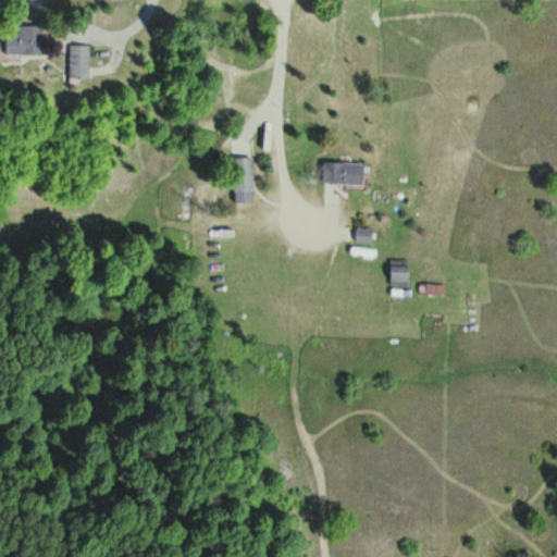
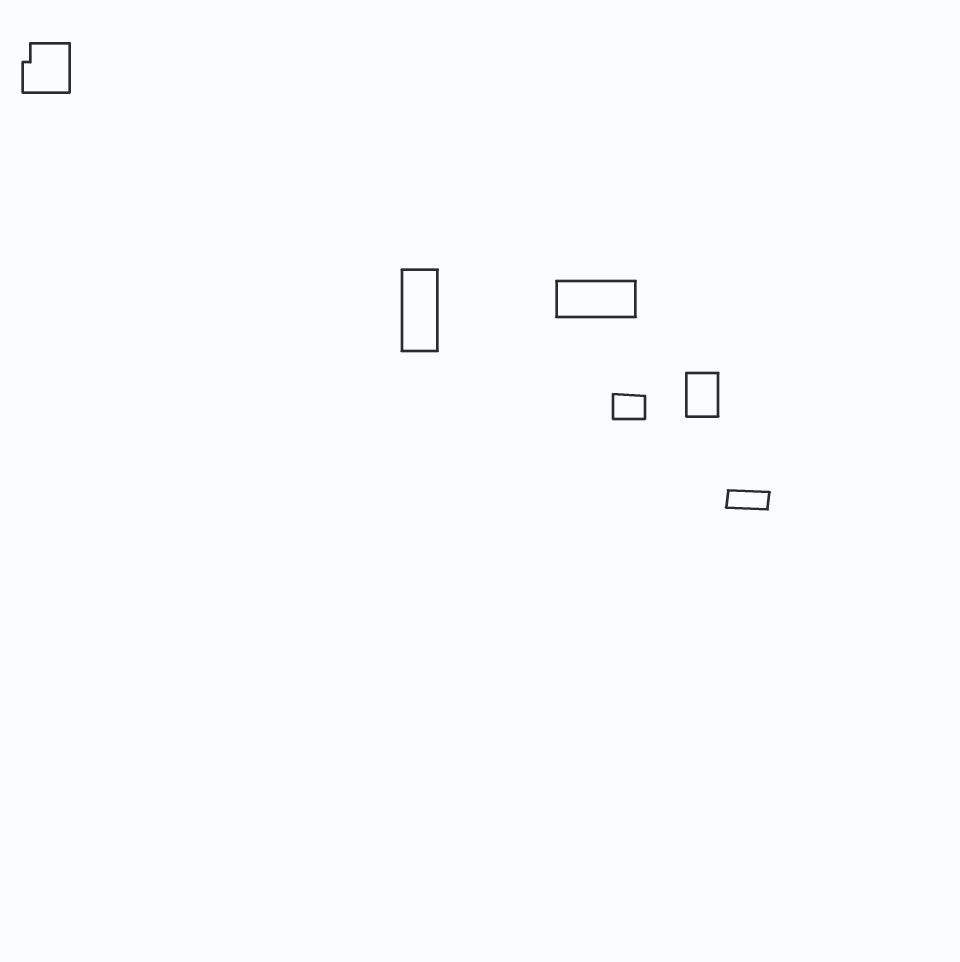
building: [70,46,99,77] -> none
building: [389,261,408,286] -> [686,373,718,416]

